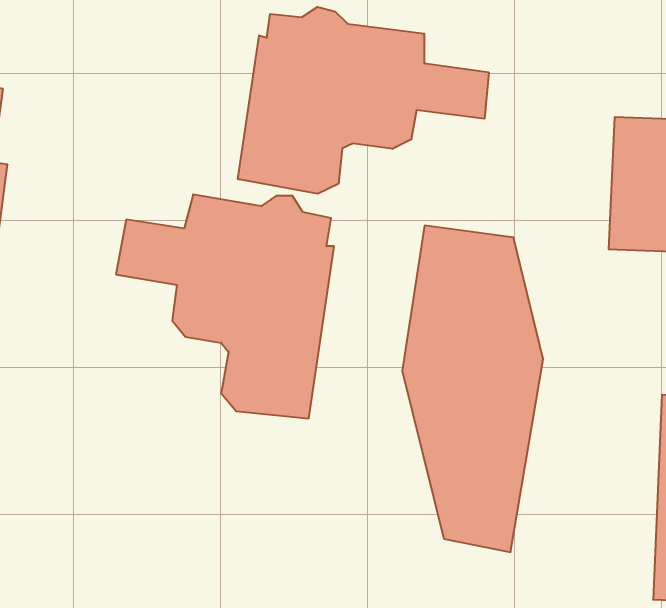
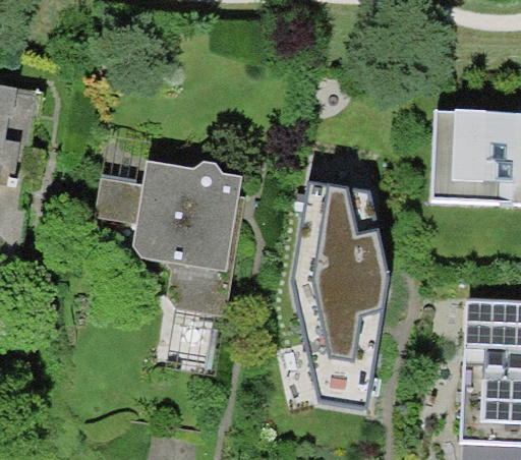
building: [238,7,489,194] -> none

